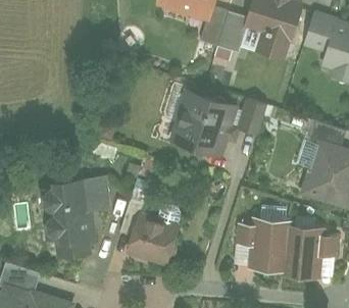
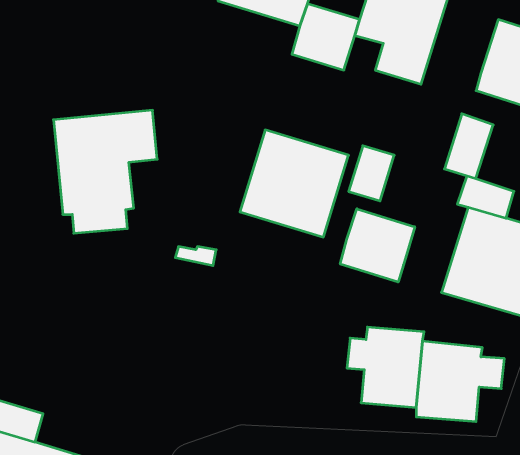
building: [303,10,335,52] -> [444,114,493,178]
building: none -> [340,209,415,282]
building: [44,175,111,255] -> [53,110,157,233]
building: [127,210,180,265] -> none

